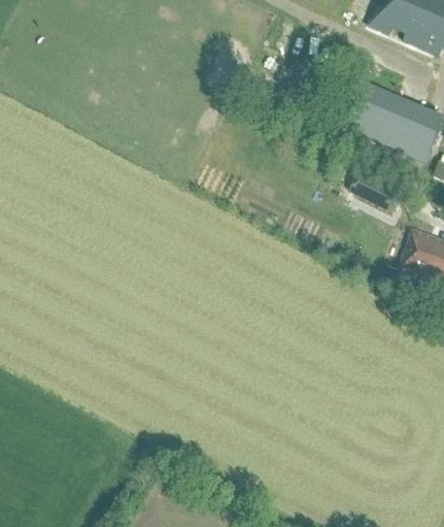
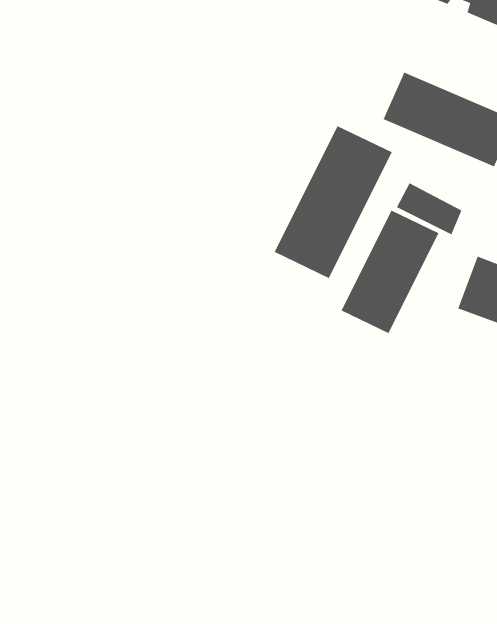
building: none -> [273,125,393,279]
building: none -> [340,209,440,334]

